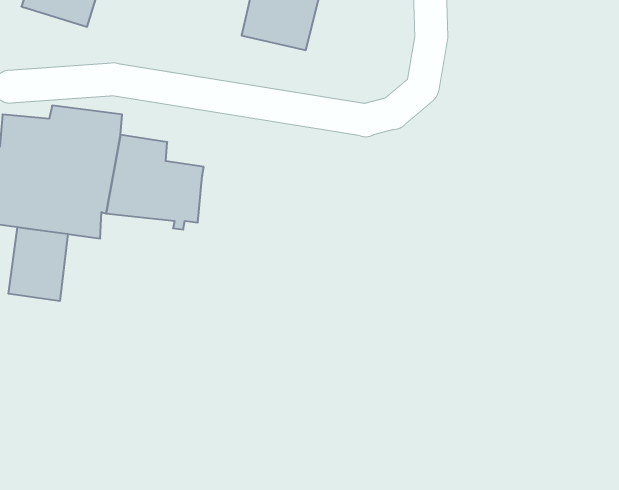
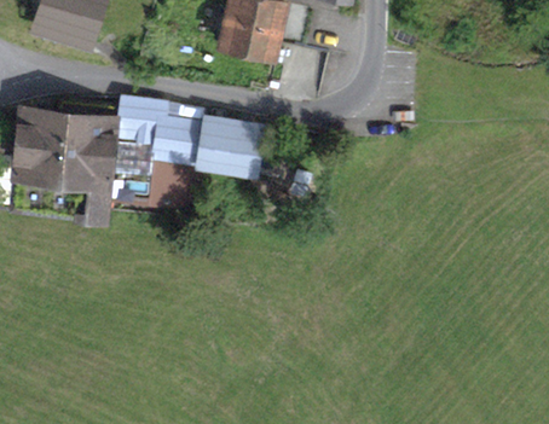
building: none -> [121,94,260,168]
building: [8,227,68,301] -> none

